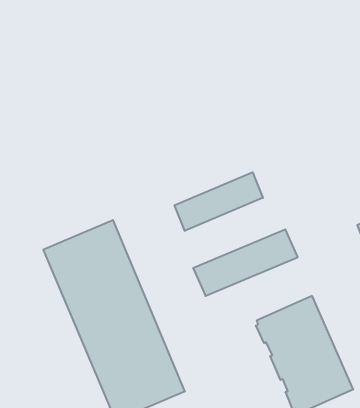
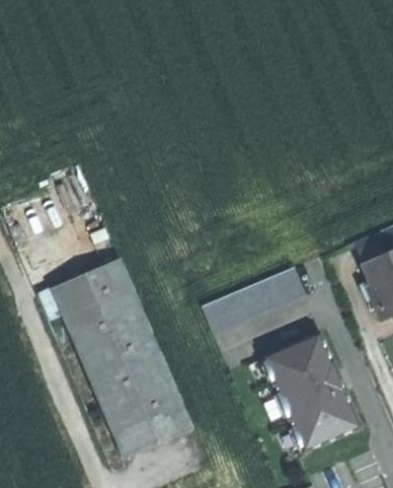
building: [175,172,263,231] -> none

